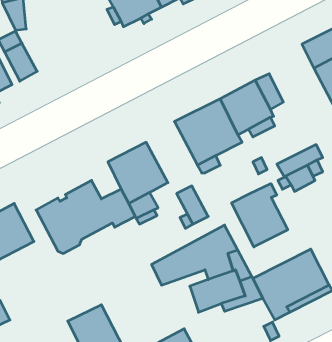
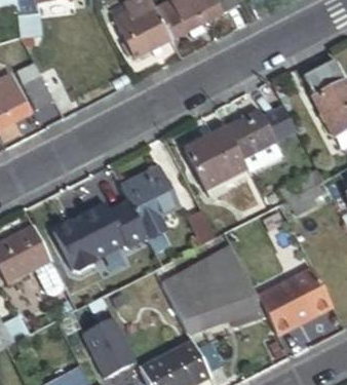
building: [232,184,288,247] -> none
building: none -> [171,286,216,333]

